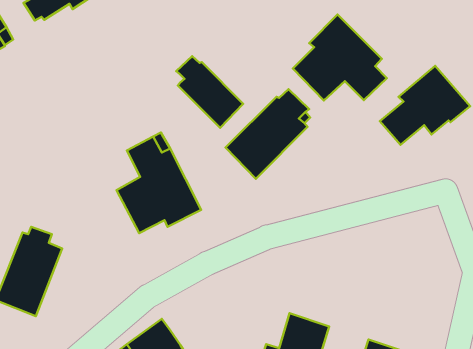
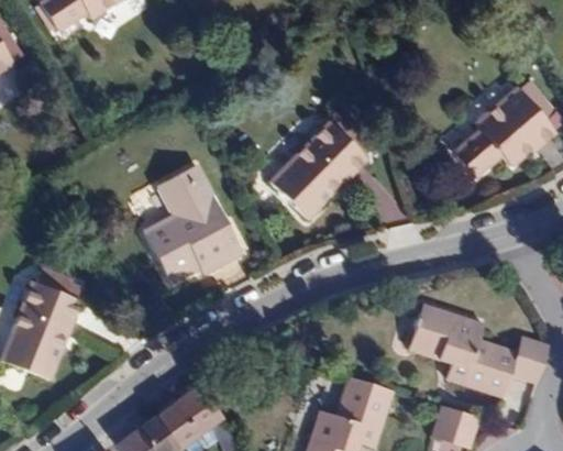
building: [293,15,387,101] -> none
building: [176,56,243,128] -> none
building: none -> [407,304,545,396]

